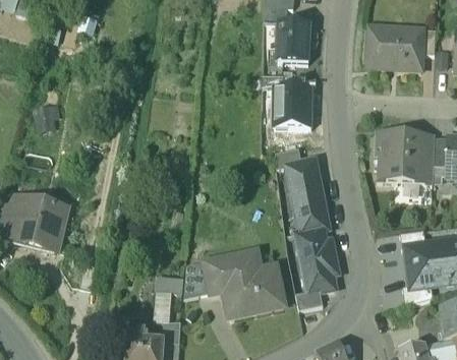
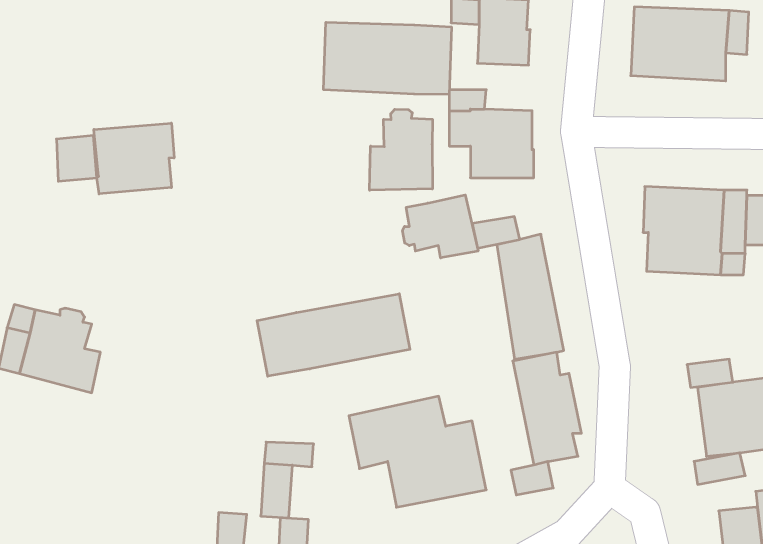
building: none -> [324,22,451,94]
building: none -> [370,109,432,190]
building: none -> [94,123,174,194]
building: none -> [403,195,478,258]
building: none -> [257,294,410,376]
building: [184,263,211,299] -> none

